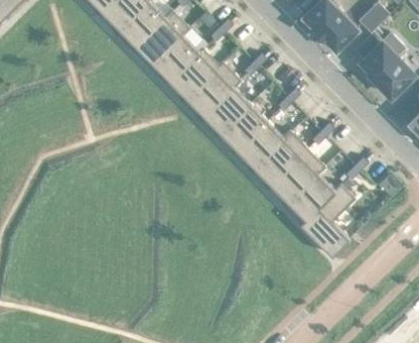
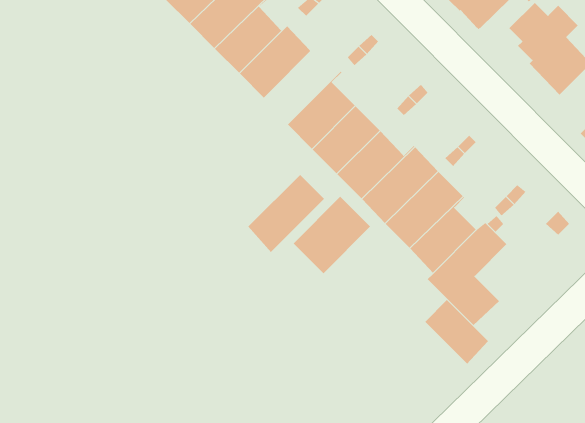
building: [186,63,240,117] -> [248,174,325,253]
building: none -> [293,196,371,274]
building: none -> [425,299,493,364]

